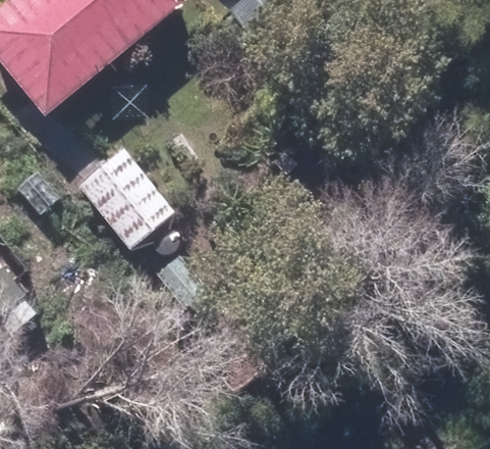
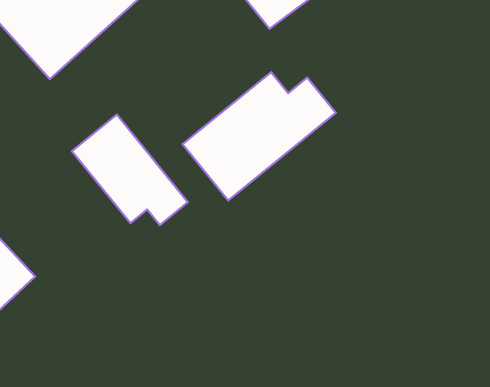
building: none -> [183,72,336,200]

